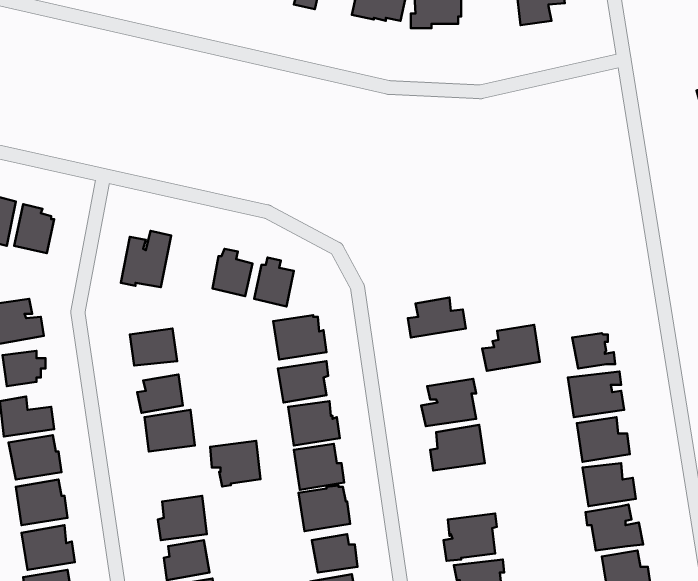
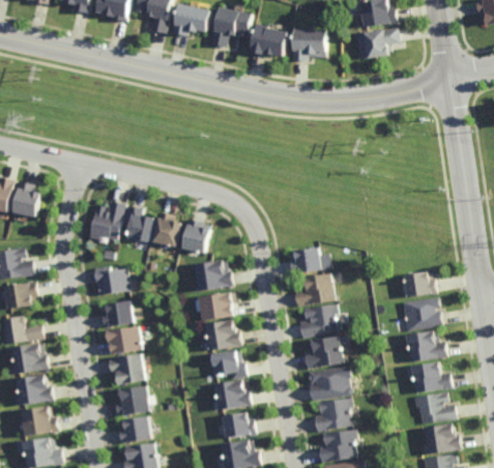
building: none -> [122,204,151,240]
building: [482,325,540,371] -> [293,273,333,305]
building: [210,441,261,487] -> [108,353,143,385]
building: none -> [308,365,351,401]

